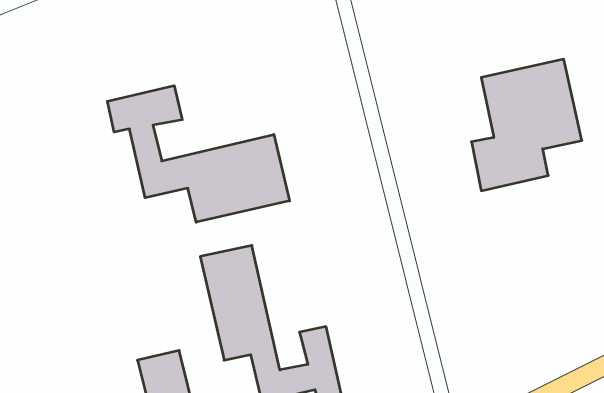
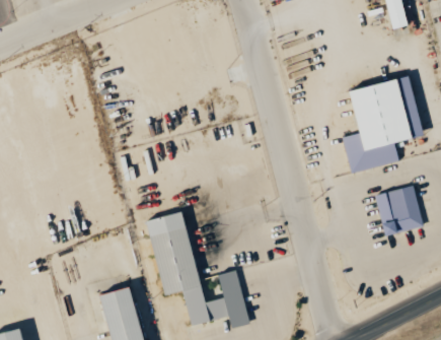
building: [107,86,290,222] -> none
building: none -> [375,186,422,230]

